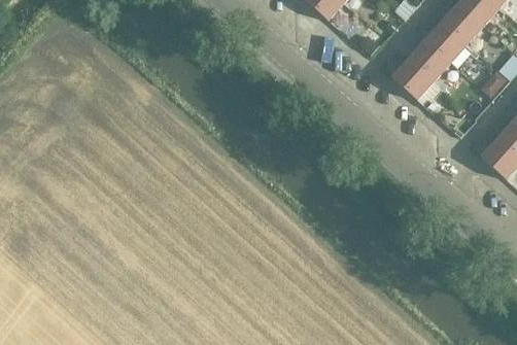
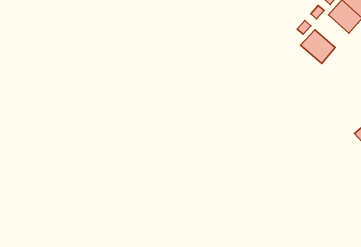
building: [410,37,451,77] -> none

